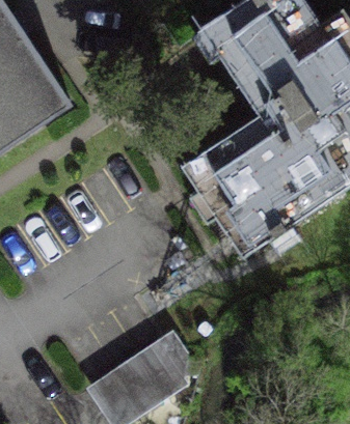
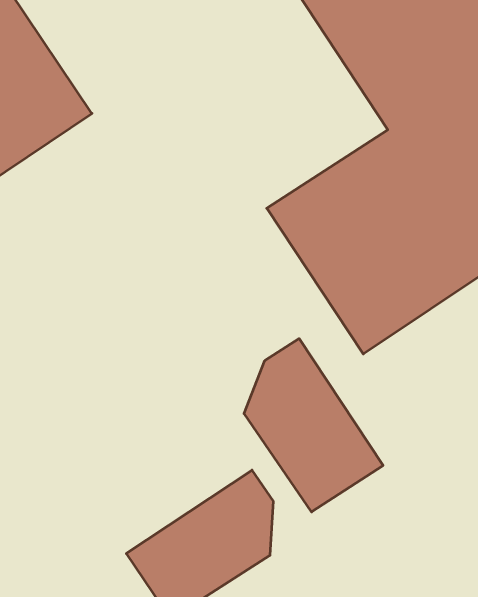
building: none -> [244,339,383,512]

